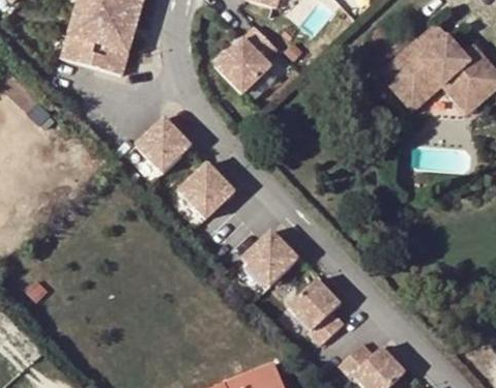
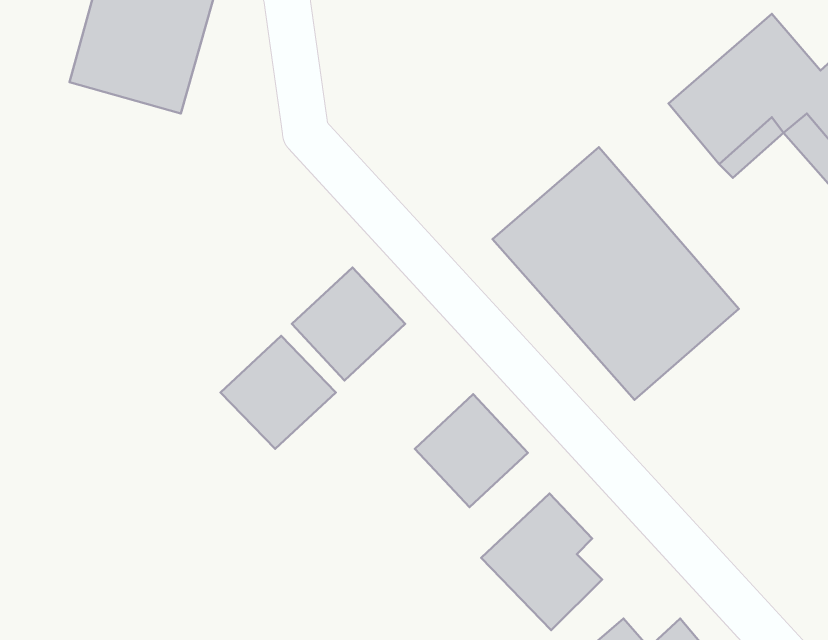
building: [213,25,275,92] -> none
building: none -> [493,147,739,400]
building: [137,113,198,173] -> [221,336,336,449]

